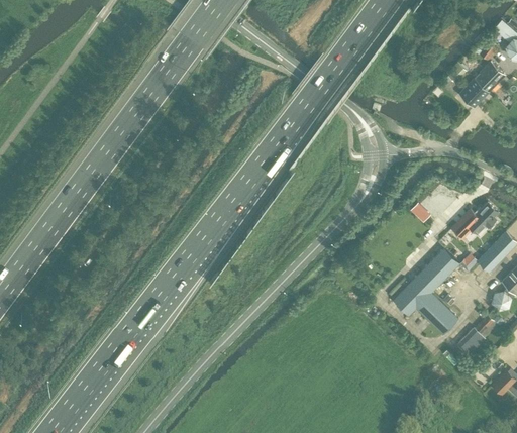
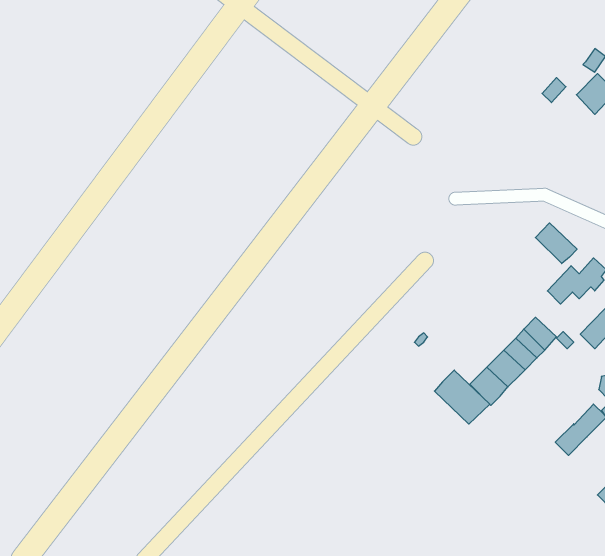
building: [459,78,489,108] -> none
building: none -> [535,223,577,264]
building: [416,293,458,334] -> [434,370,490,424]

